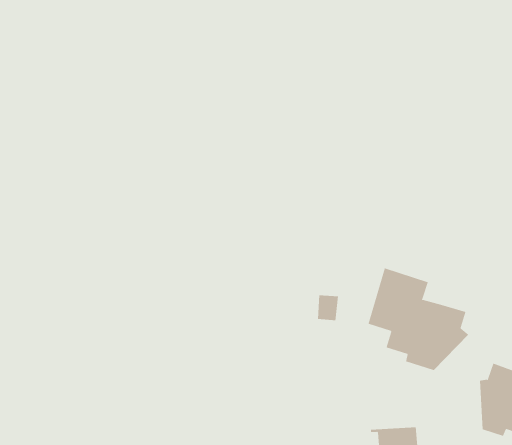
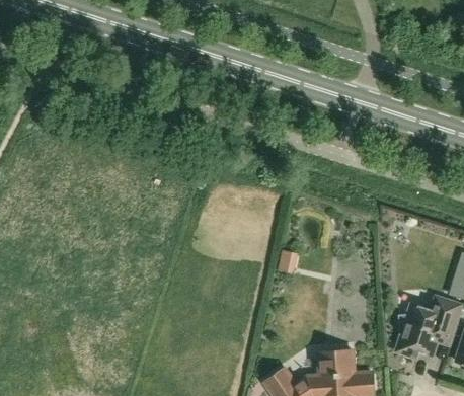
building: [368,268,469,371] -> none

